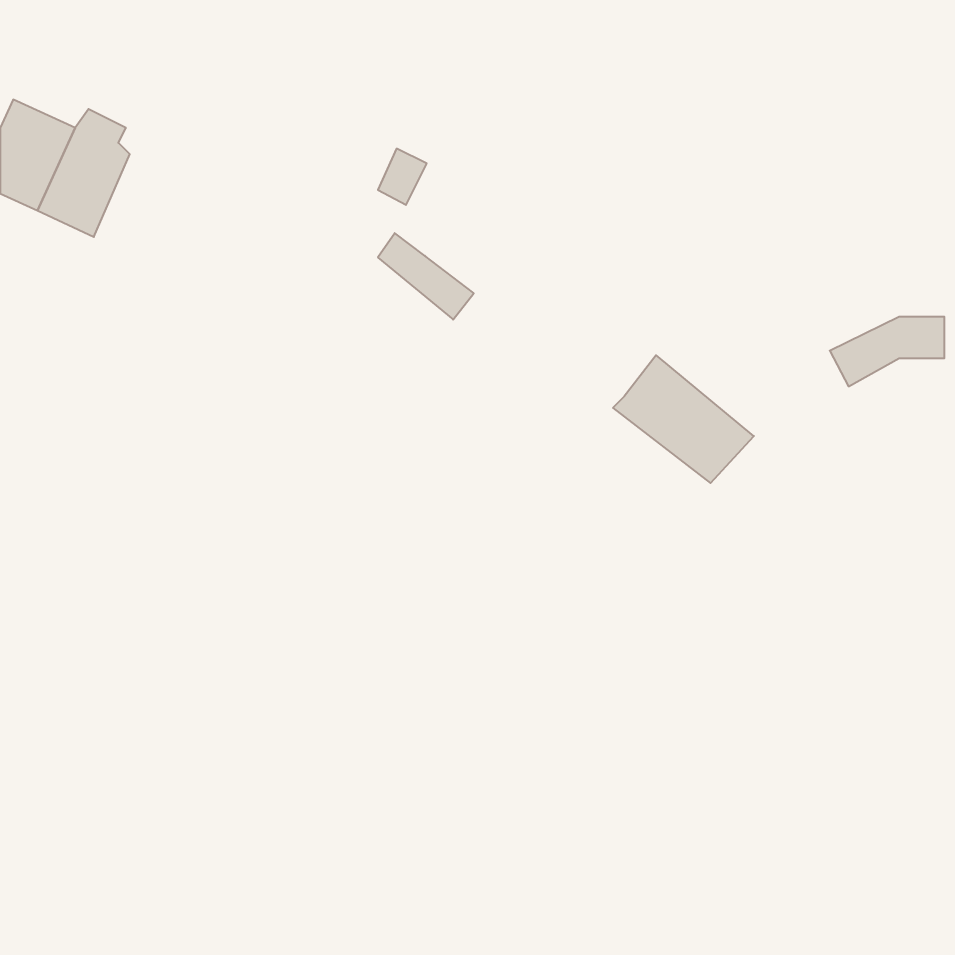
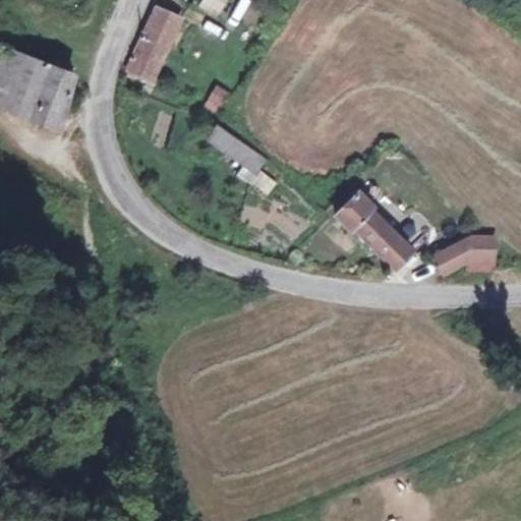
building: none -> [129,6,176,78]
building: [830,317,944,386] -> [431,237,494,275]

